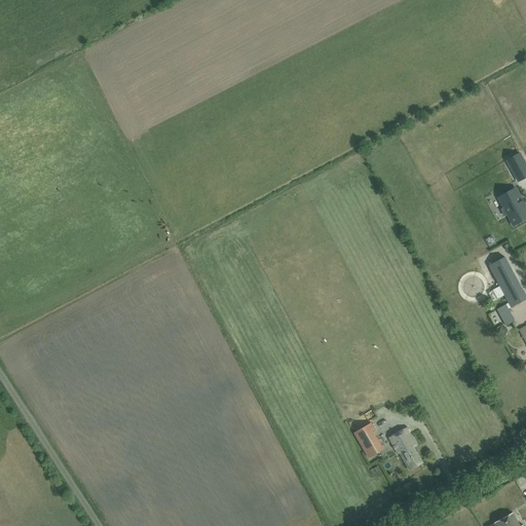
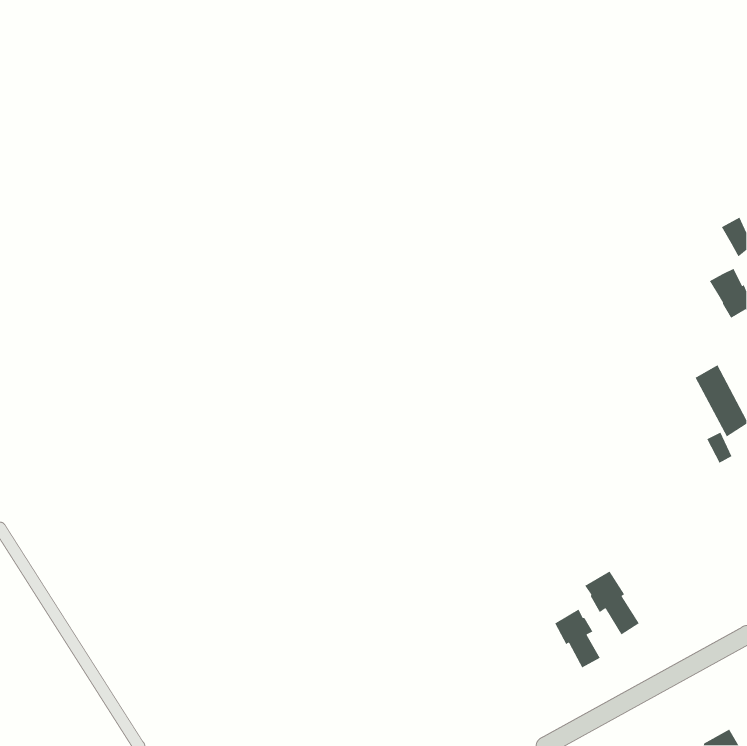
building: none -> [584,570,640,635]
building: [354,422,383,456] -> none

